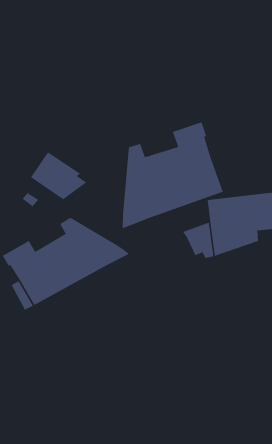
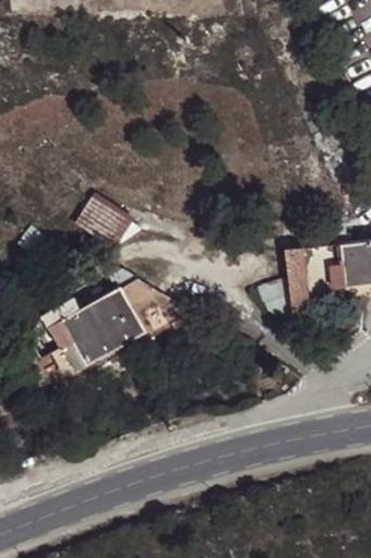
building: [122,122,223,229] -> none

